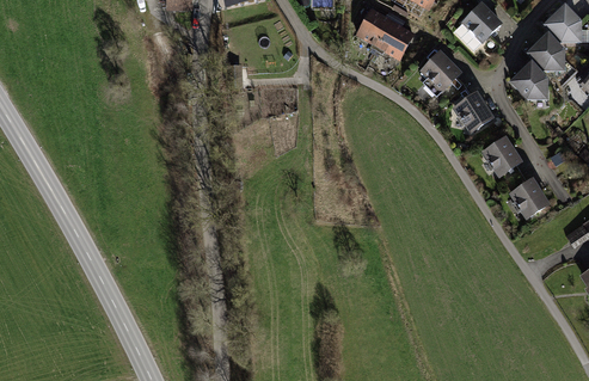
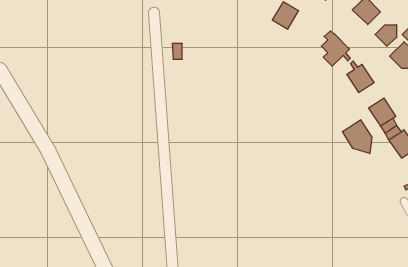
building: [379,23,413,59] -> none
building: none -> [375,25,397,46]
building: none -> [343,120,372,154]

